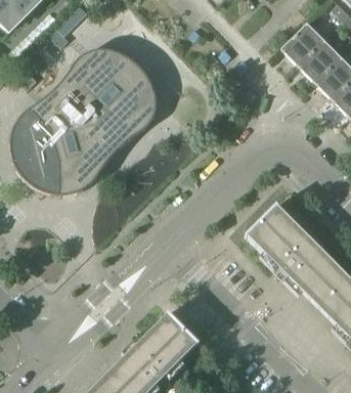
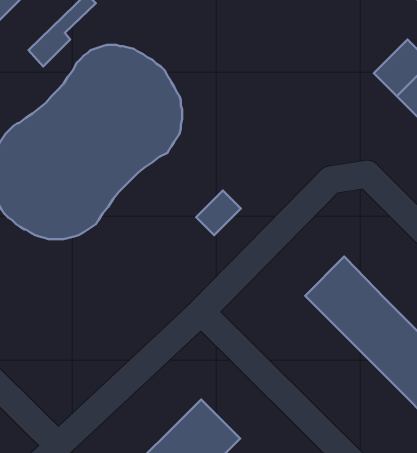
building: [281,24,324,67] -> none
building: none -> [196,190,241,235]

